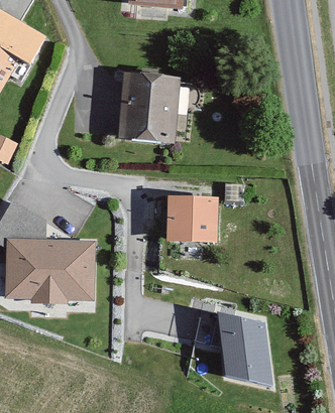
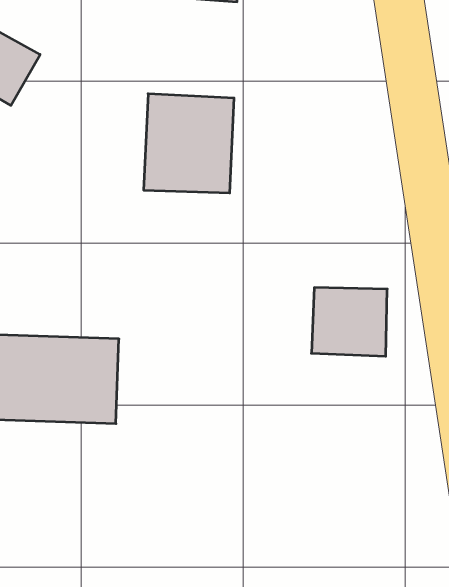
building: [171,196,223,244] -> [311,288,387,356]
building: [221,314,275,385] -> none

